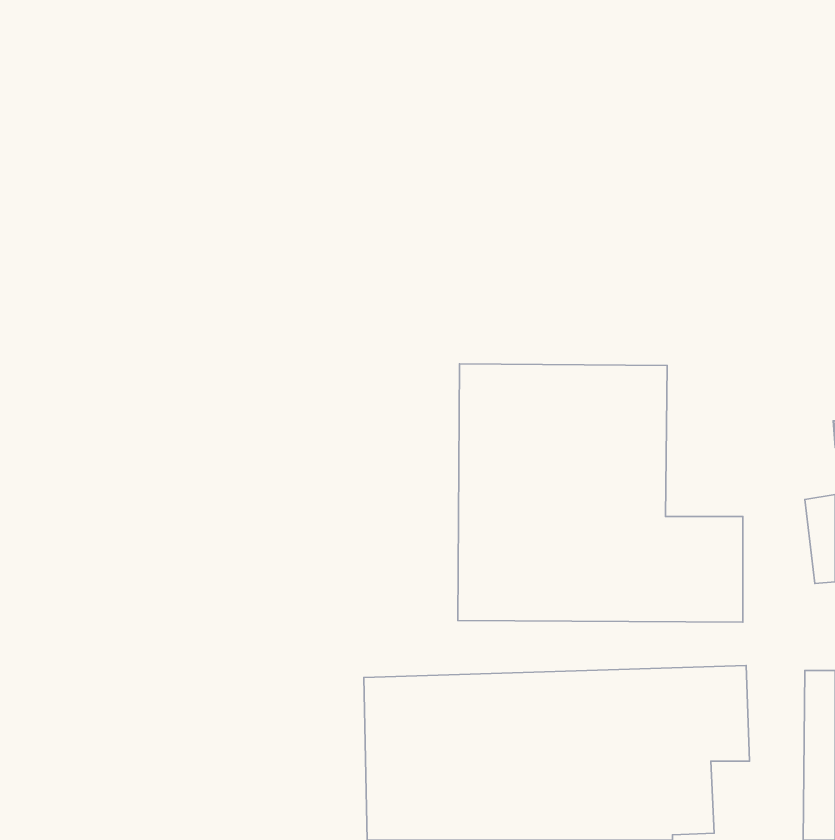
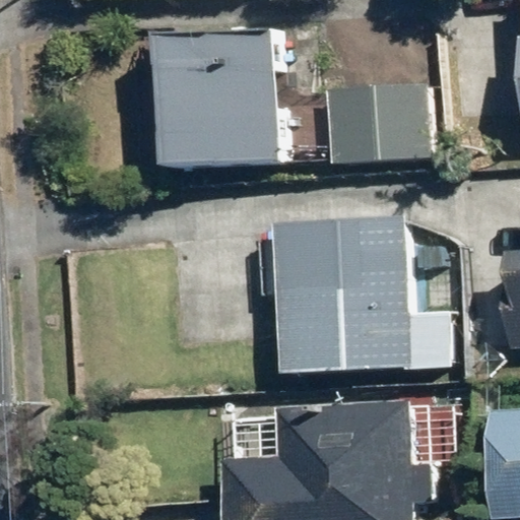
building: none -> [160,20,279,170]
building: none -> [324,78,436,160]

